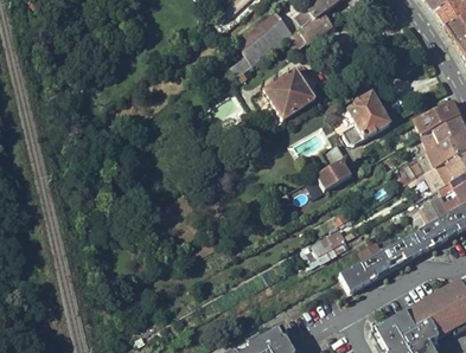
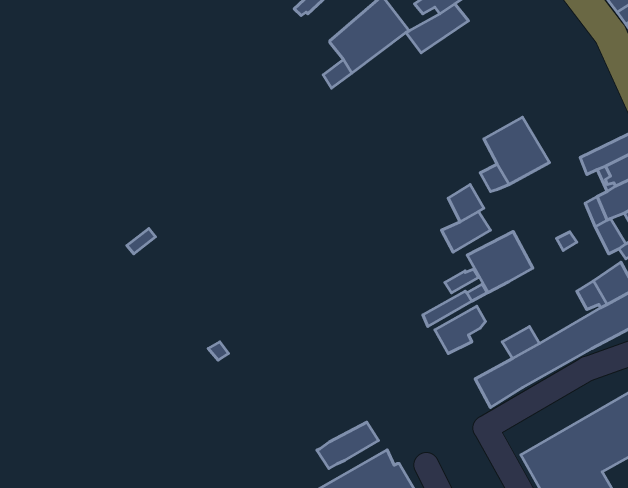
building: [261,70,315,123] -> none
building: none -> [467,231,533,293]
building: none -> [317,422,379,469]

